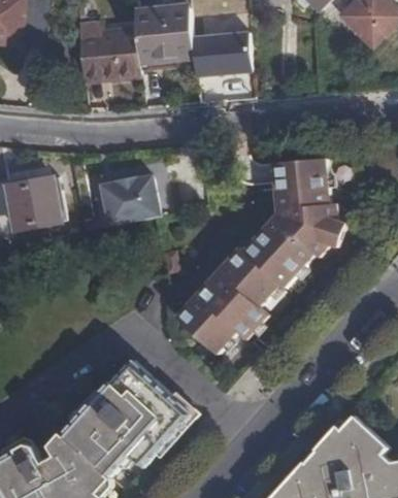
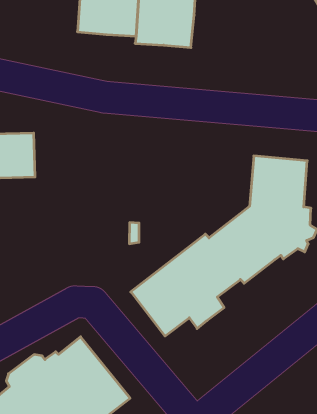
building: [193,33,252,76] -> none
building: [99,176,156,226] -> none

